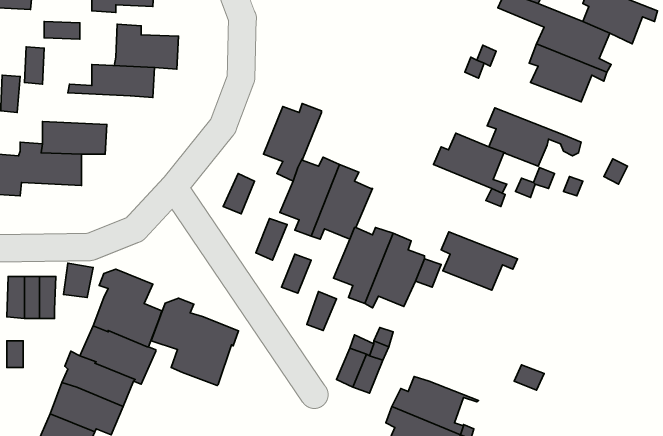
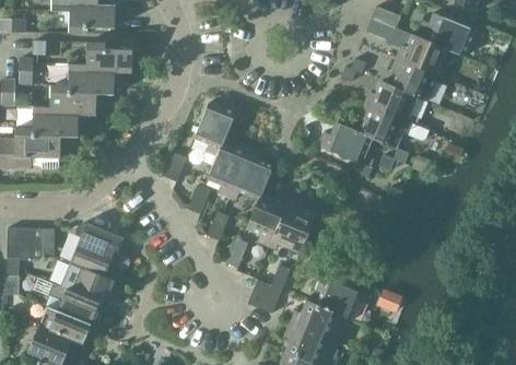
building: none -> [364,82,427,123]
building: none -> [33,93,97,116]
building: [441,232,517,290] -> [315,275,371,318]
building: [151,298,239,386] -> none

